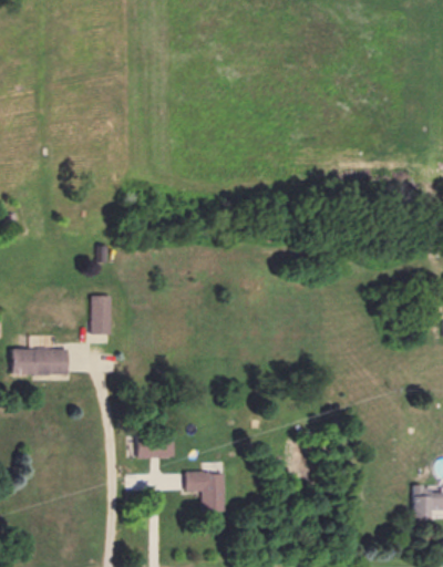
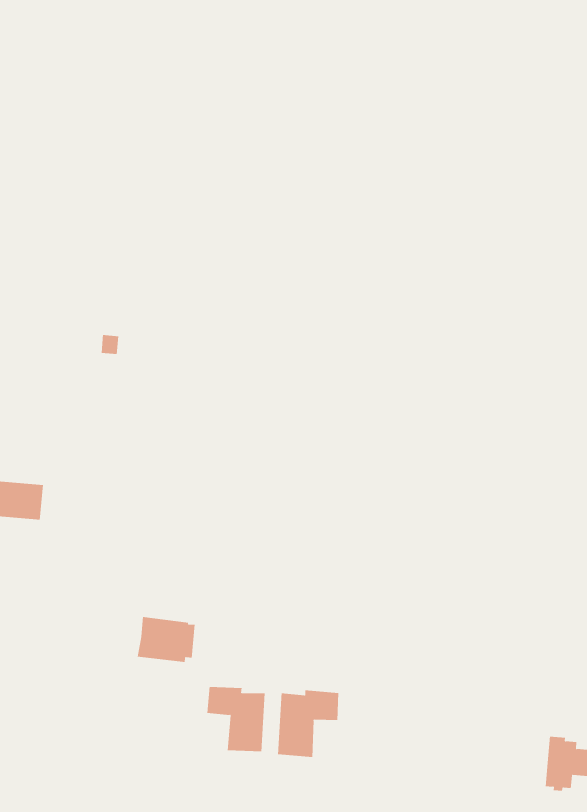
building: [92,297,111,342] -> none
building: none -> [277,690,339,758]

